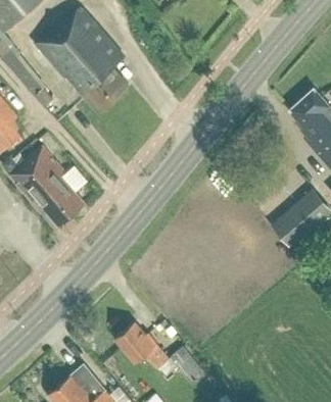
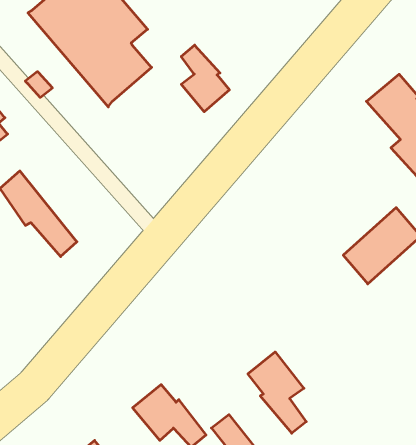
building: none -> [181,45,229,112]
building: [29,147,83,214] -> none
building: none -> [248,352,306,433]

